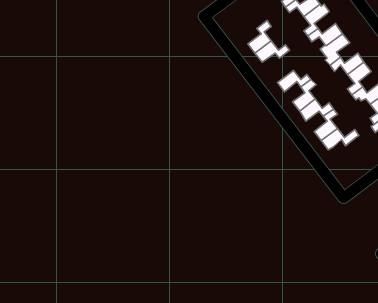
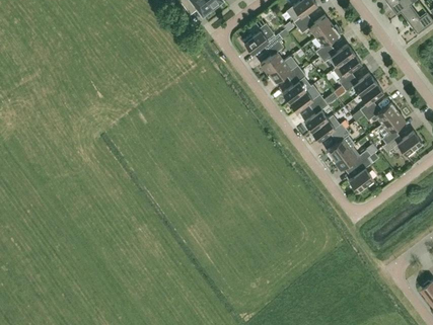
building: none -> [242,31,282,55]
building: none -> [282,71,309,103]
building: none -> [348,158,372,193]

